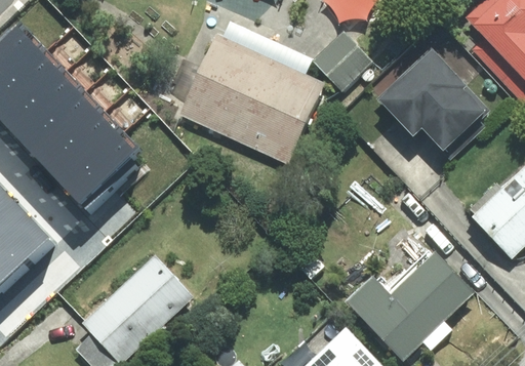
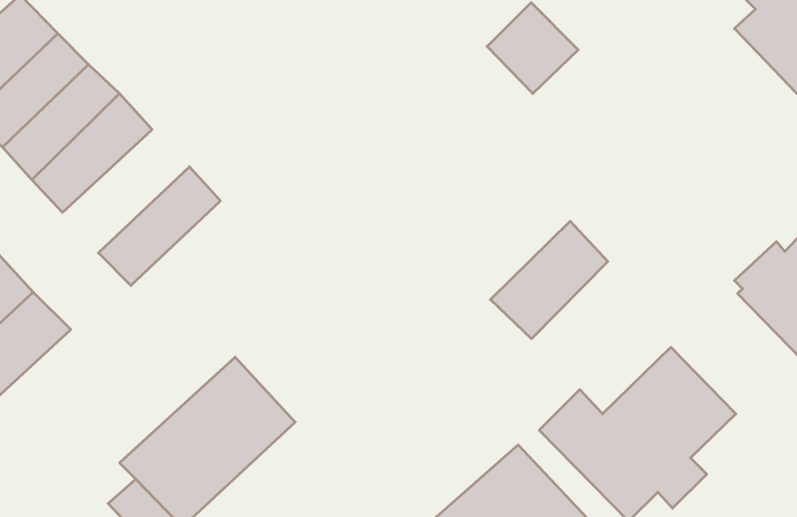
building: [180,36,322,162] -> none
building: [378,49,490,158] -> none
building: [47,113,127,191] -> none
building: none -> [490,221,608,339]

